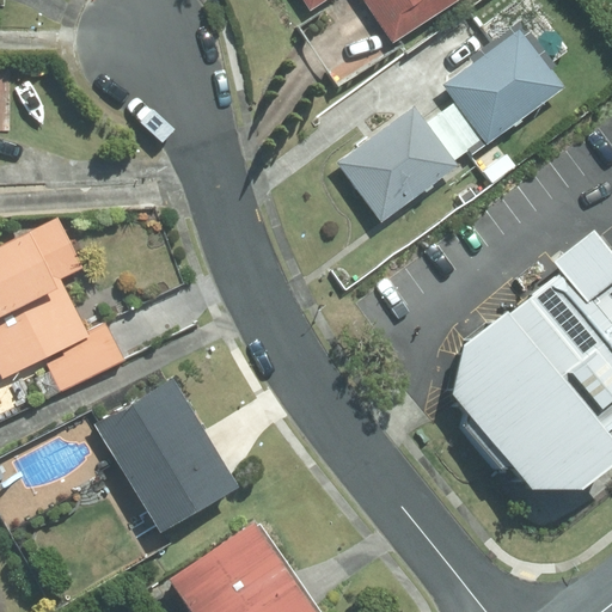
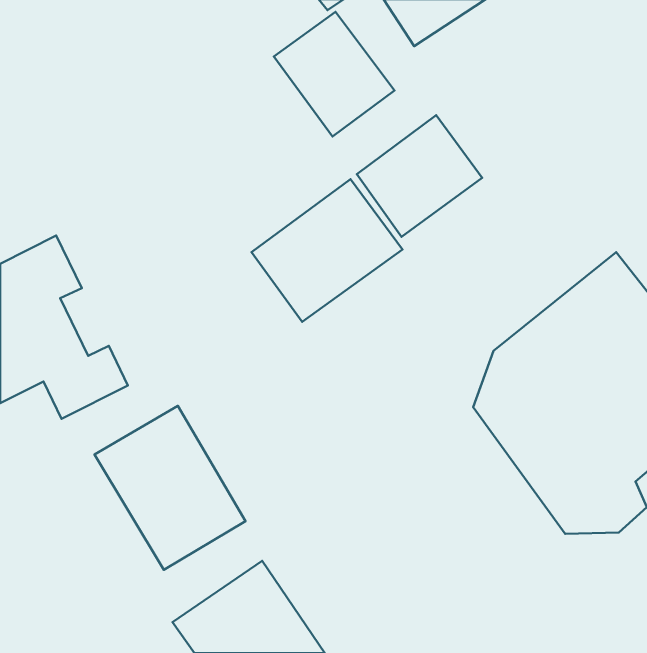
building: none -> [274,12,394,136]
building: [445,30,564,143] -> none
building: none -> [251,179,403,322]

